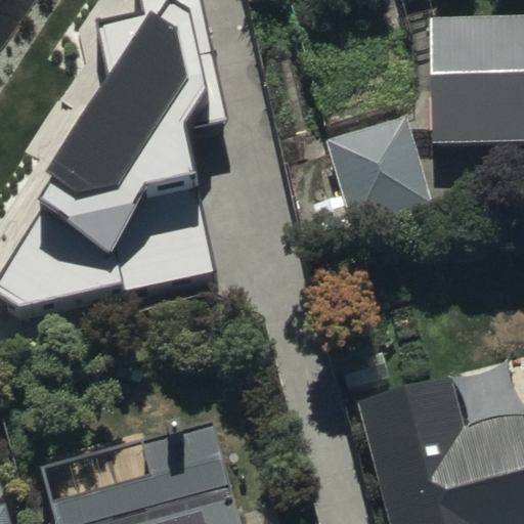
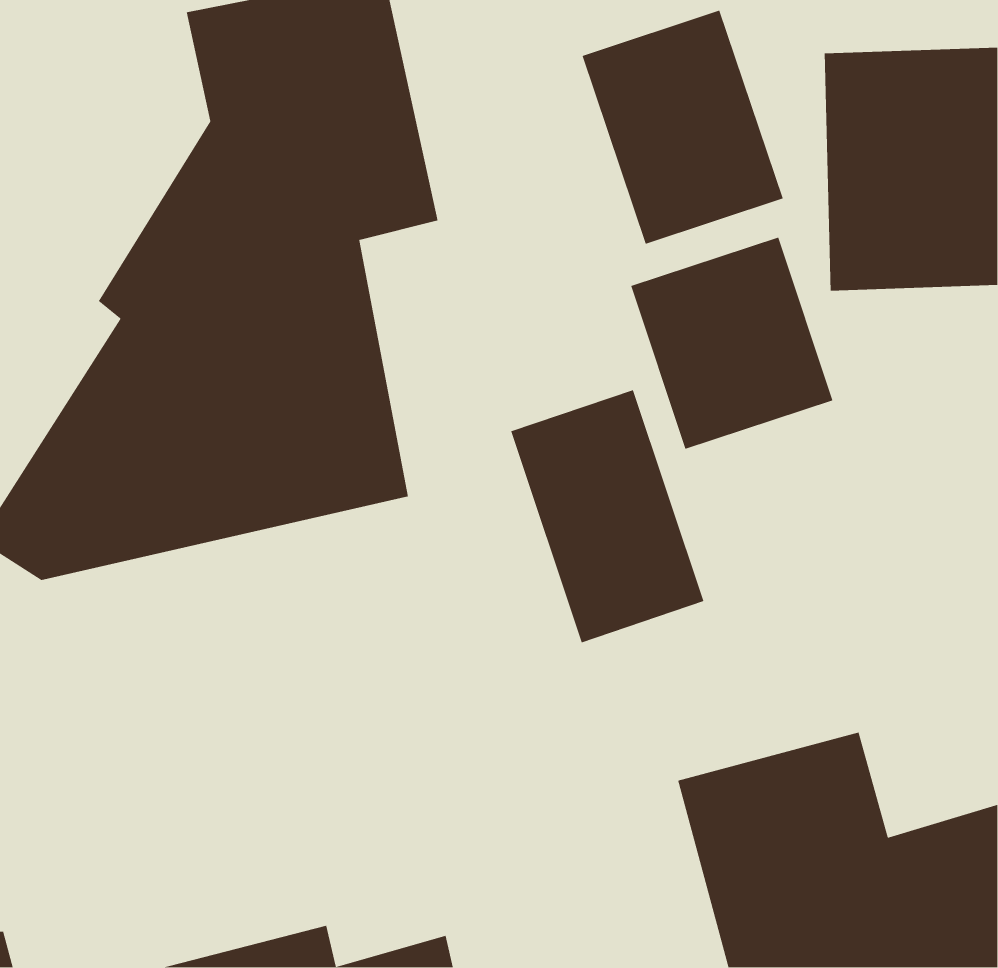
building: none -> [582,10,784,245]
building: none -> [510,389,705,643]

